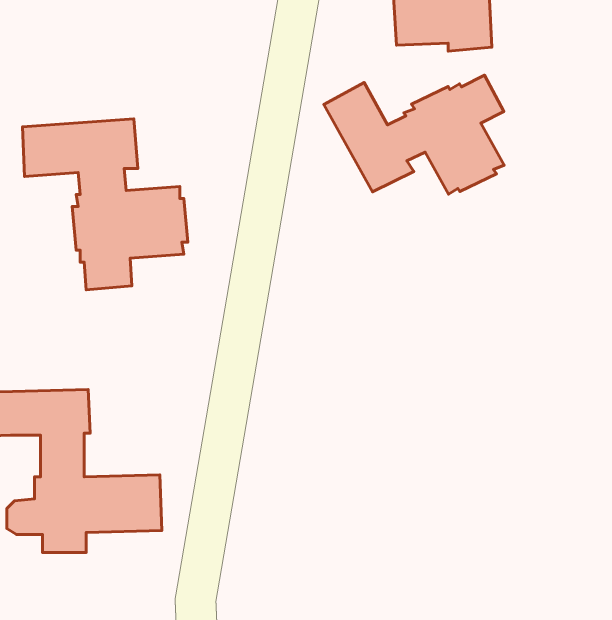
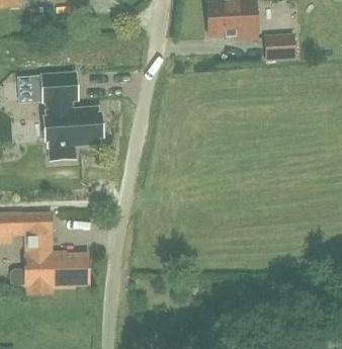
building: none -> [264,32,295,61]
building: [324,75,504,194] -> none

